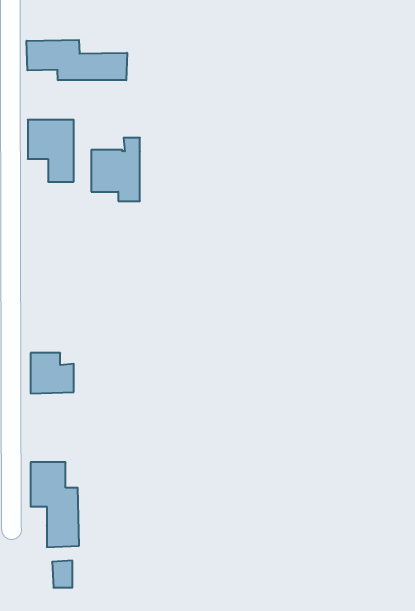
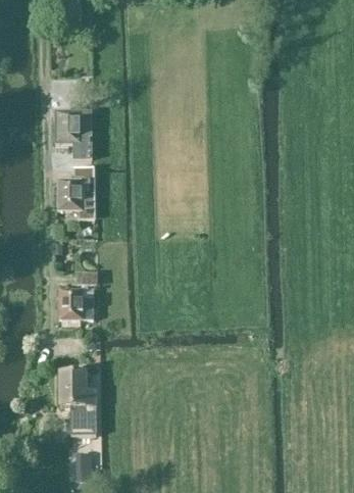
building: [27,40,127,80] -> none
building: [91,138,140,201] -> [57,169,94,217]

